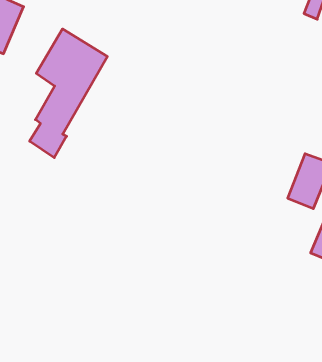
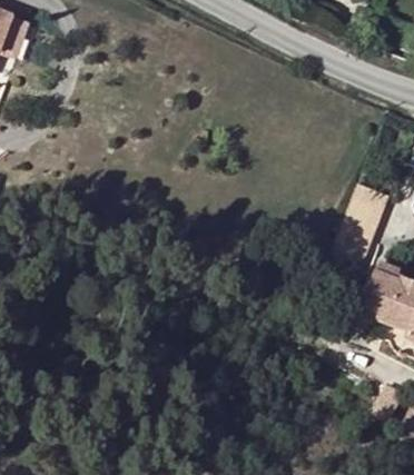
building: [30,29,107,158] -> none

